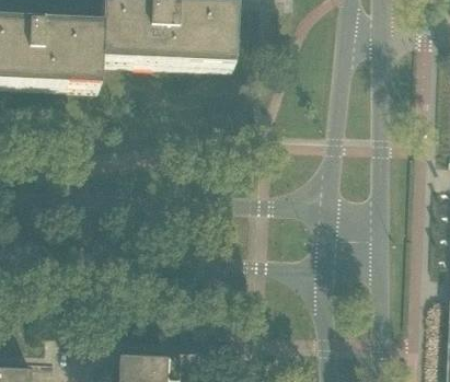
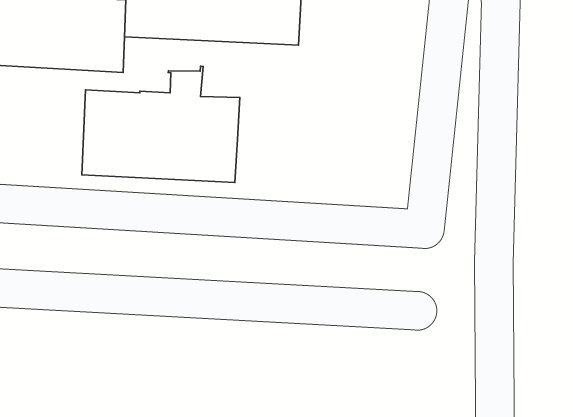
building: none -> [82,66,240,182]

